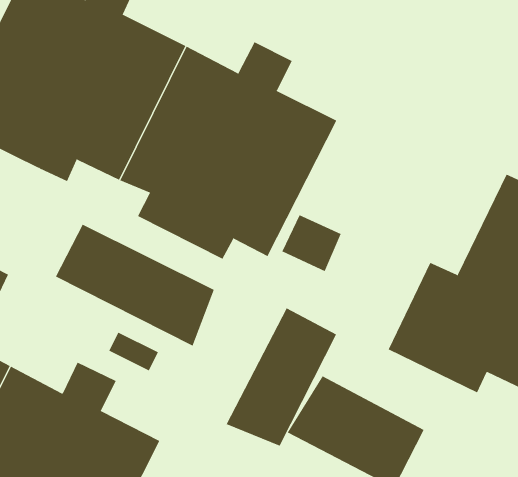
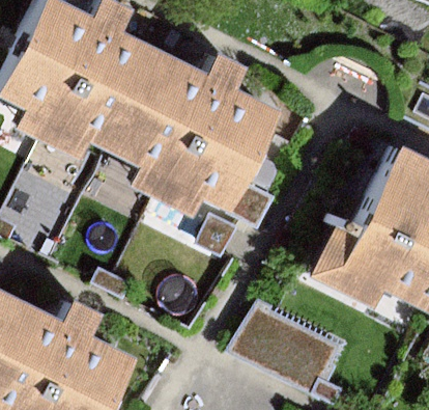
building: [55,224,214,347] -> none
building: [226,307,337,446] -> none

